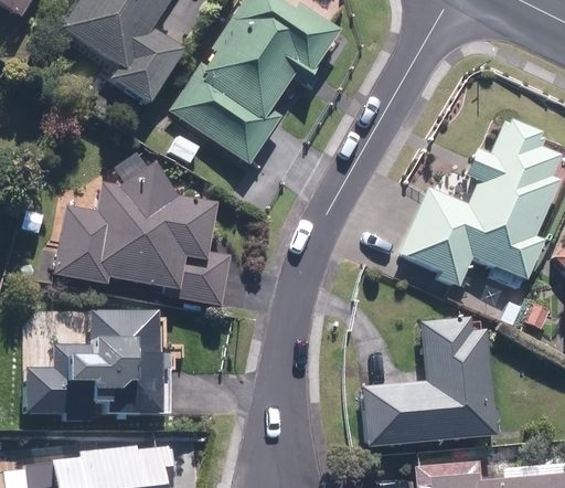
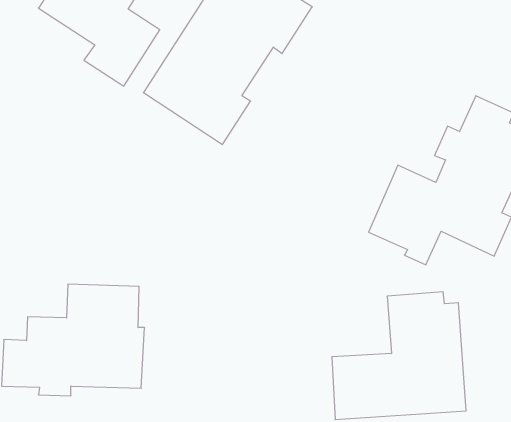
building: [57,161,228,308] -> none

